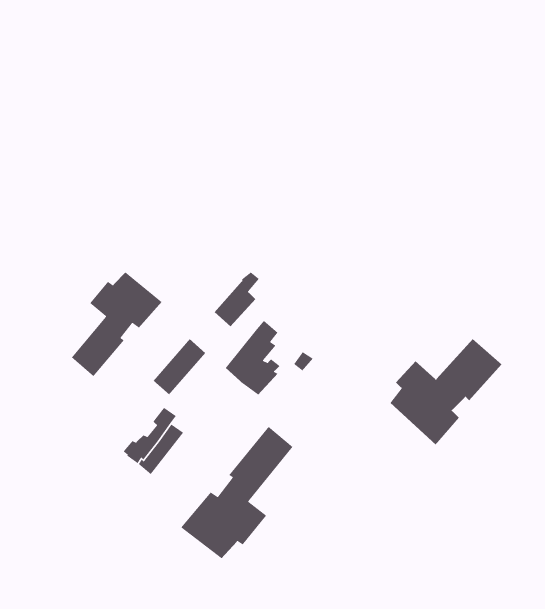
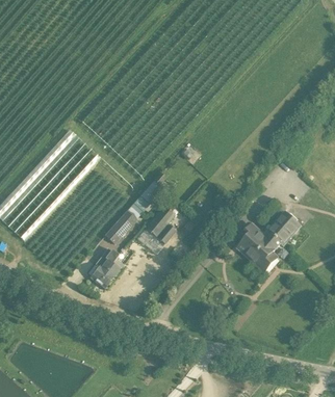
building: [71,272,162,377] -> none
building: [180,426,294,559] -> none

